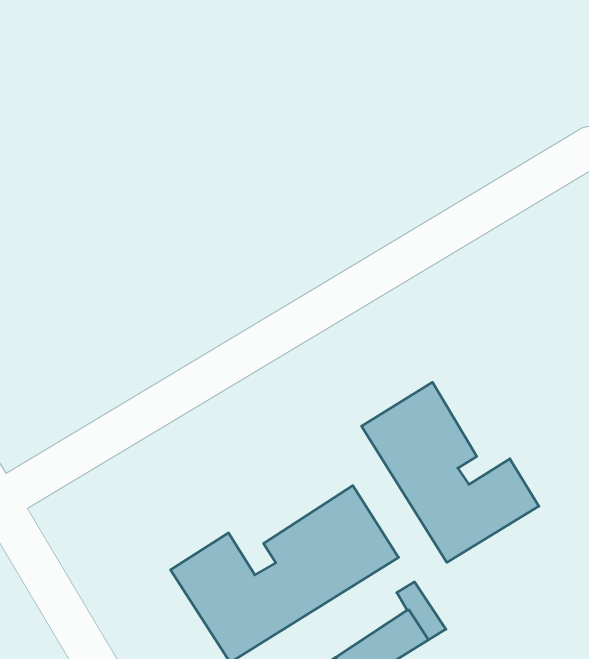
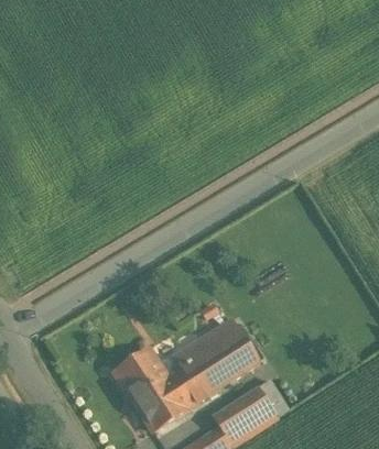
building: [362,382,539,562] -> none

